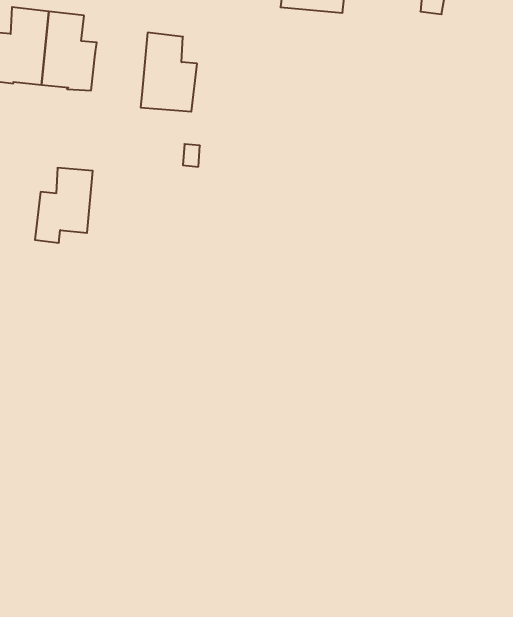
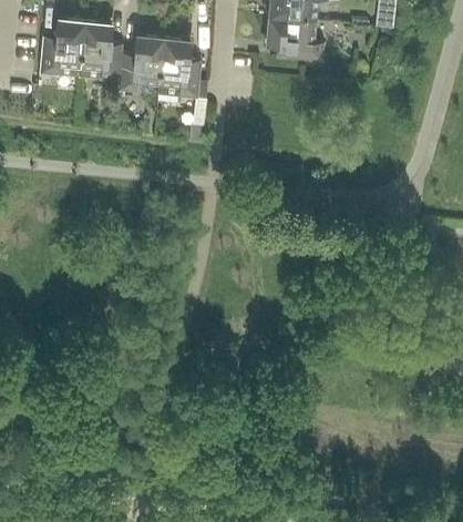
building: none -> [265,16,323,61]
building: [35,168,93,243] -> [117,33,163,92]

